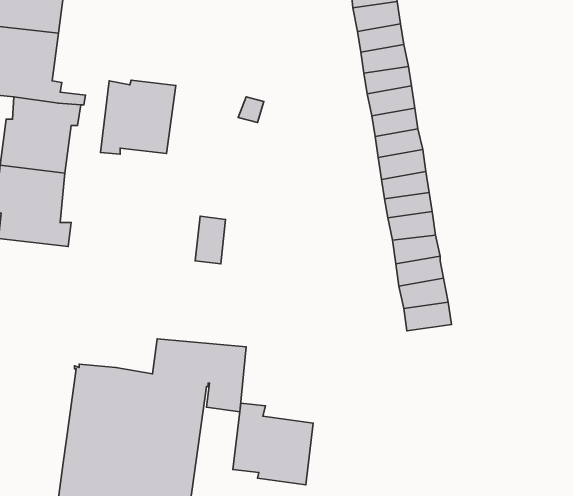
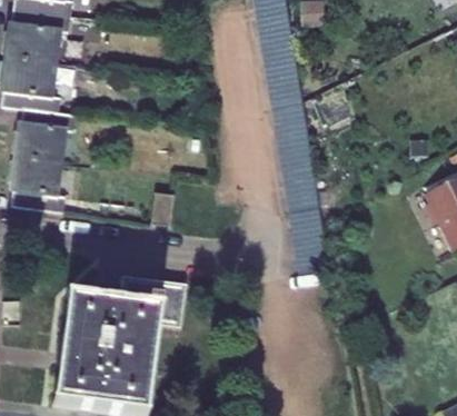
building: [101,80,176,154] -> none
building: [233,403,313,485] -> none

